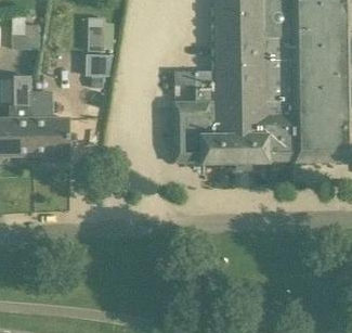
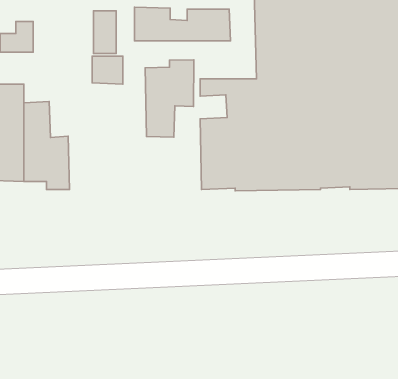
building: none -> [135,7,230,41]
building: none -> [145,60,194,137]

